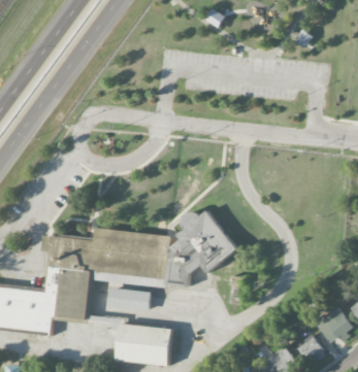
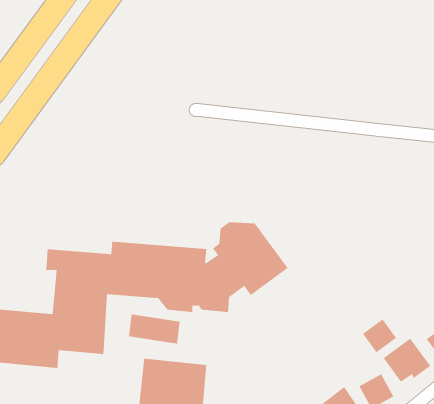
building: none -> [362,318,397,353]

